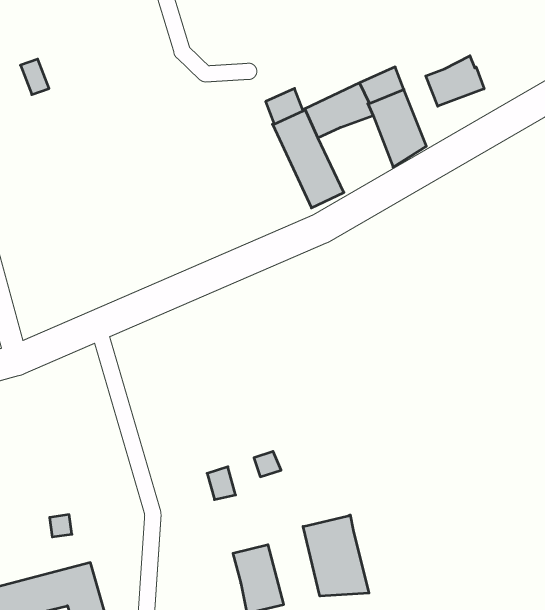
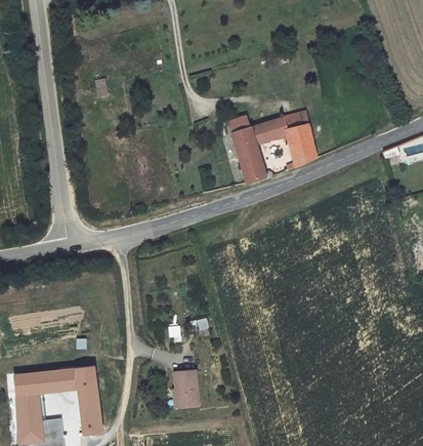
building: [426,56,484,106] -> none
building: [303,515,369,596] -> none

